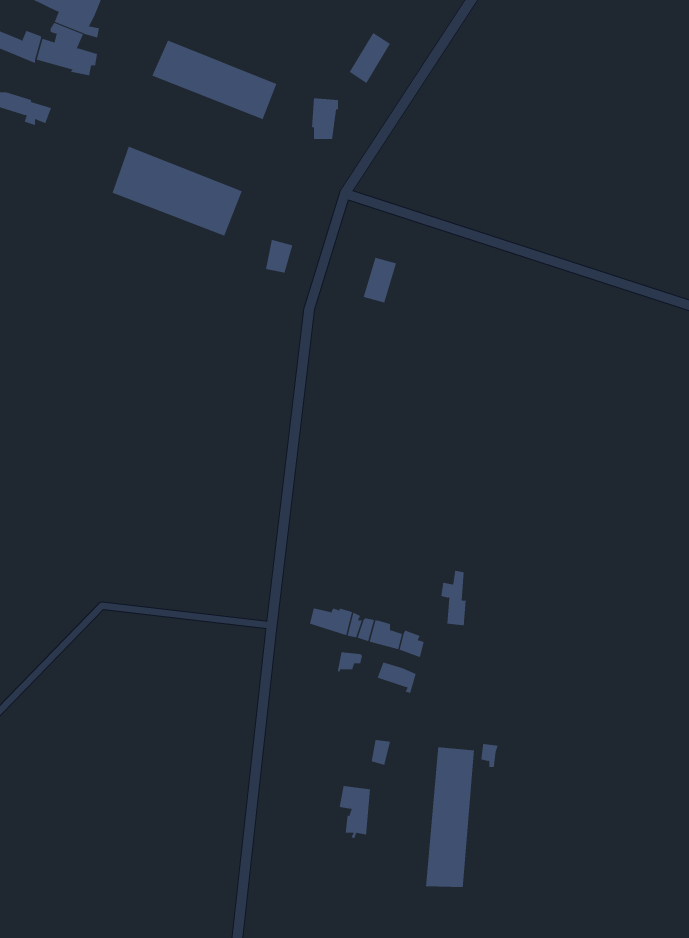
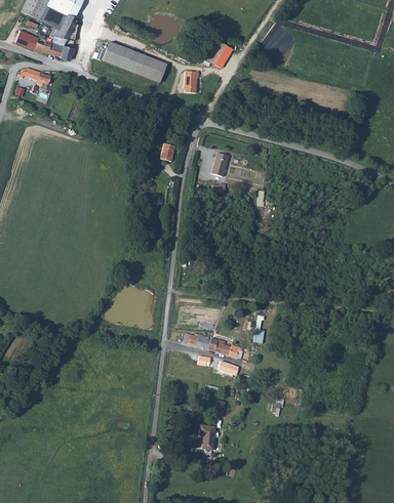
building: [112,146,243,236] -> none
building: [426,747,474,888] -> none

